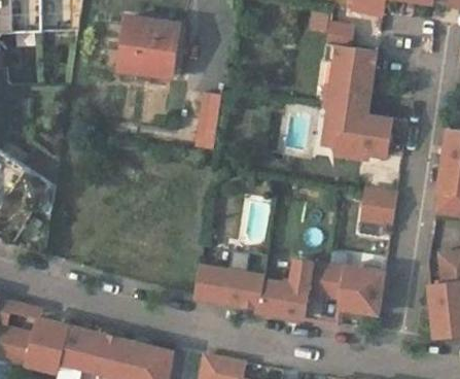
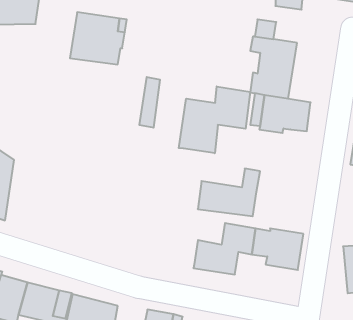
building: none -> [179,86,250,153]
building: [360,187,395,225] -> none
building: [196,250,267,305] -> [198,169,260,216]

